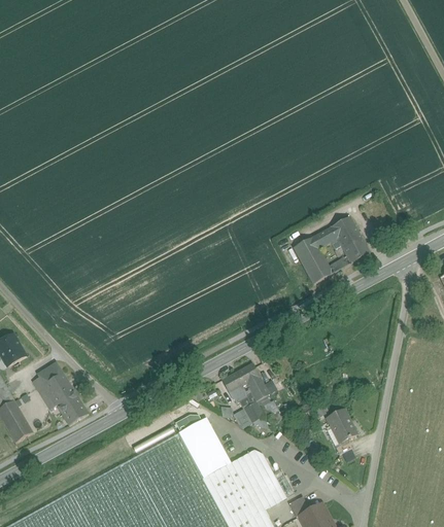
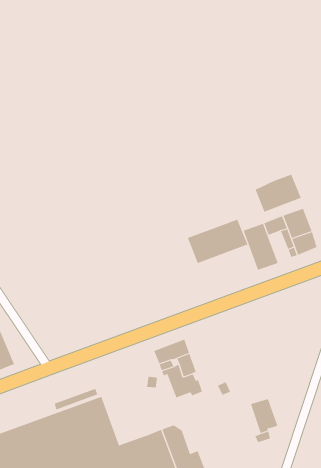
building: none -> [255,174,301,212]
building: none -> [187,219,248,264]
building: [178,419,230,479] -> none

